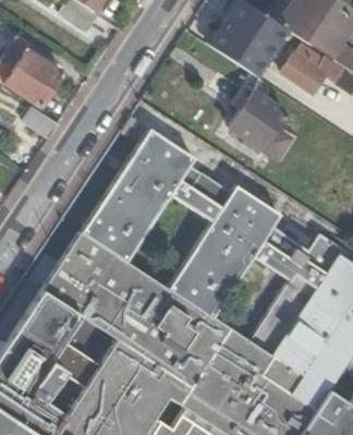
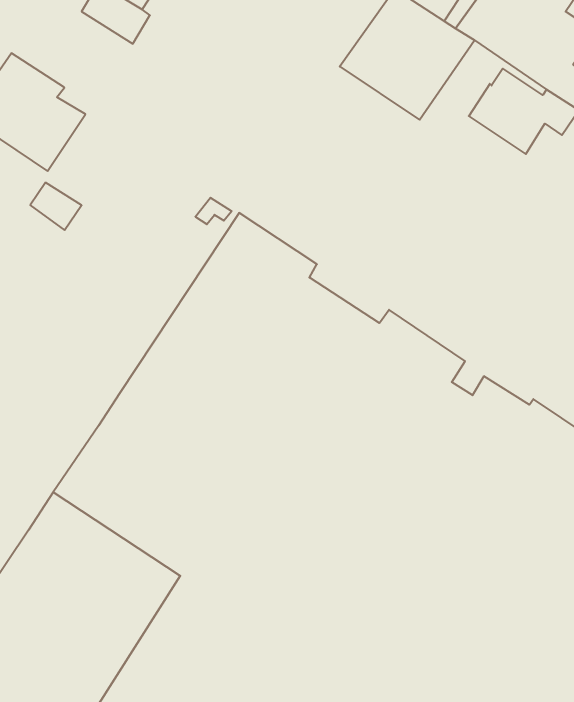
building: [227,88,292,162] -> none

